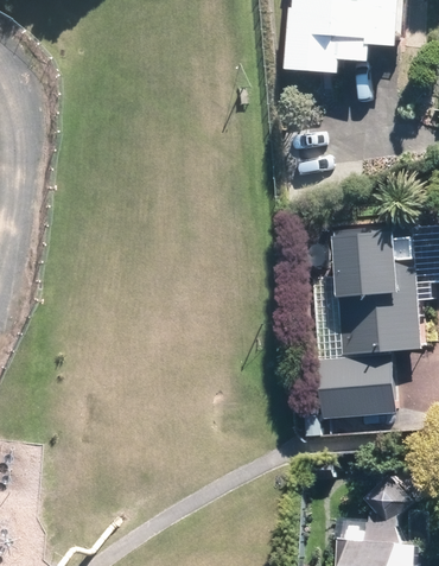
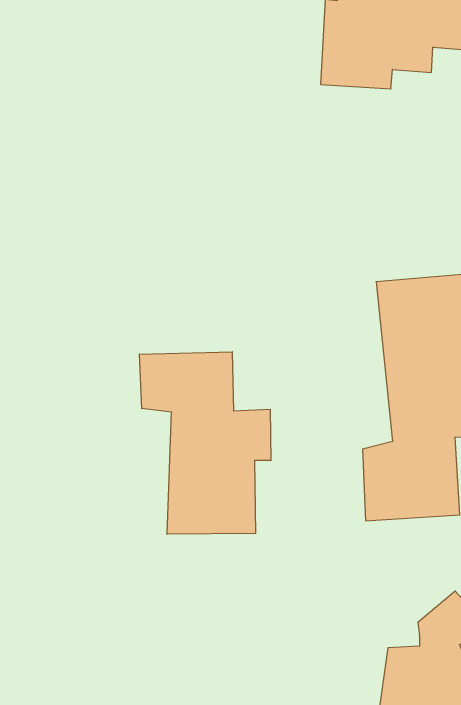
building: none -> [139,352,271,534]

